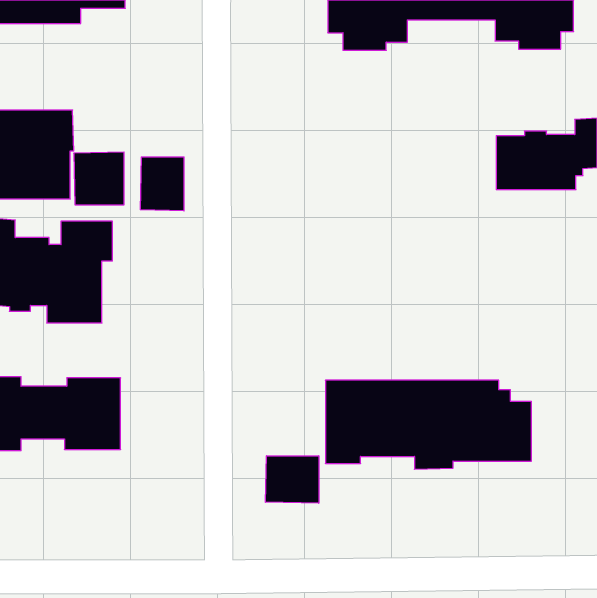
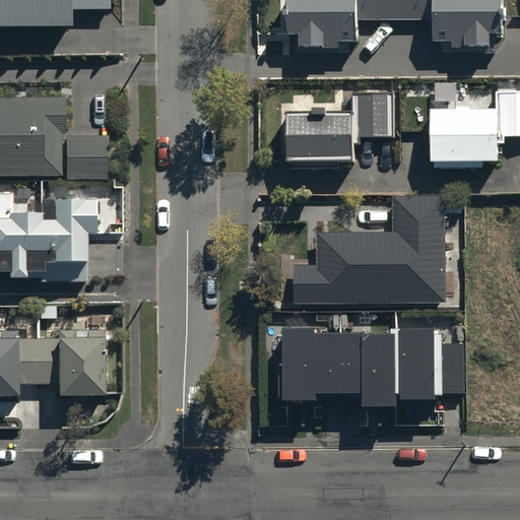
building: none -> [287,102,394,168]
building: [140,157,184,211] -> none
building: none -> [296,197,441,302]
building: [265,456,319,503] -> none

